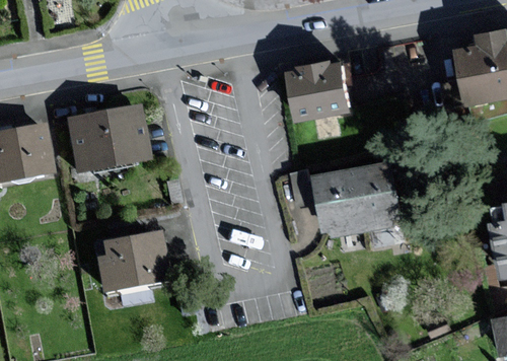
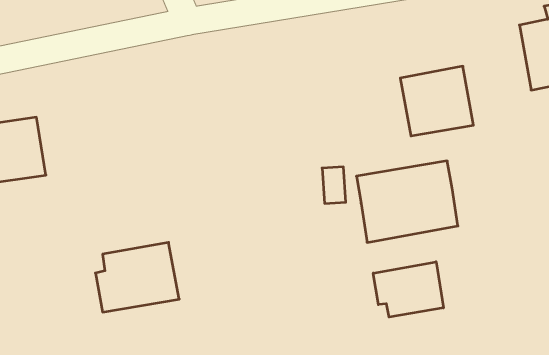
building: [289,58,352,118] -> [400,66,473,136]
building: [64,105,146,171] -> none
building: none -> [373,262,443,317]

